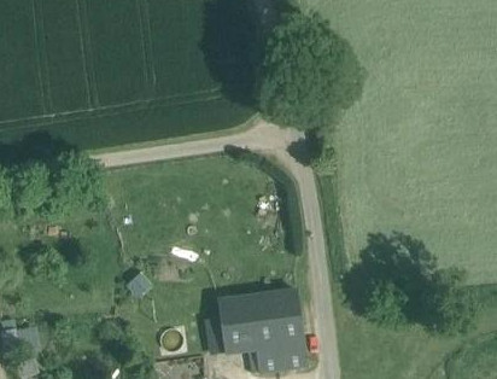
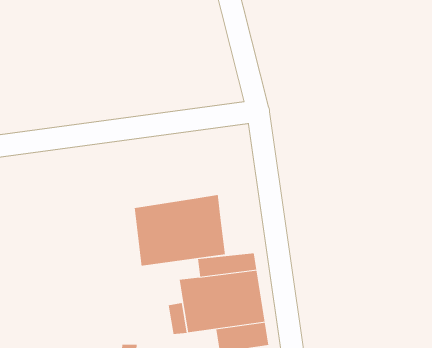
building: none -> [134,194,225,267]

